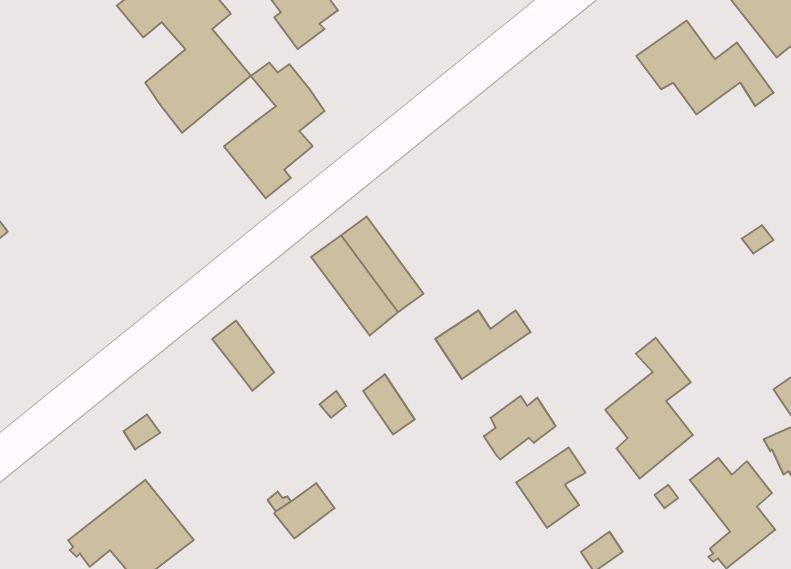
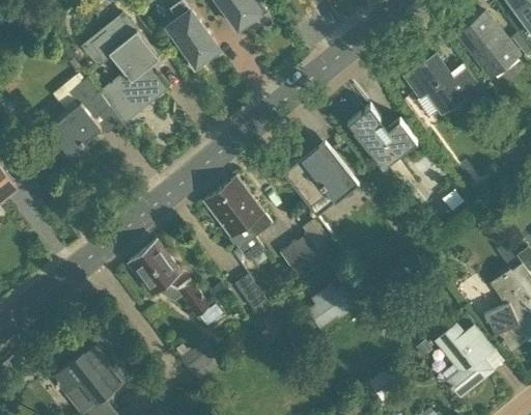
building: [224,63,325,198] -> [48,77,110,161]
building: none -> [347,105,418,158]
building: none -> [283,141,359,216]
building: [605,338,693,479] -> none
building: none -> [129,252,223,327]
building: [516,447,585,528] -> none

